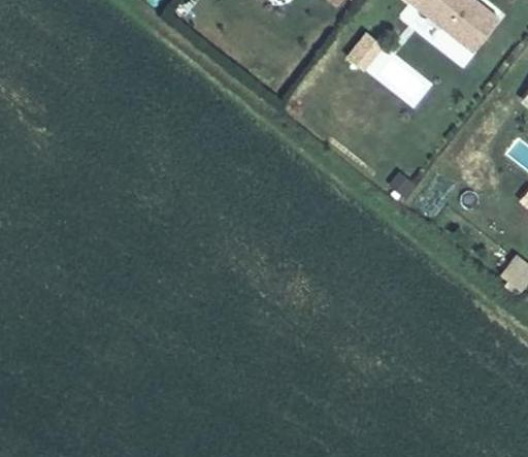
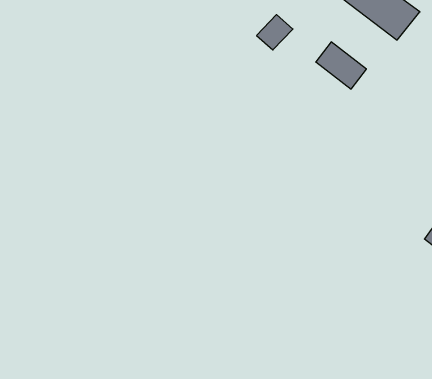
building: [348,31,389,71] -> [257,15,293,50]

